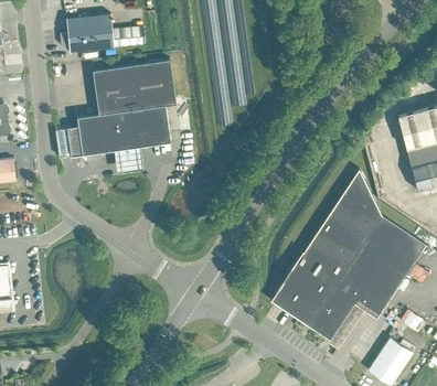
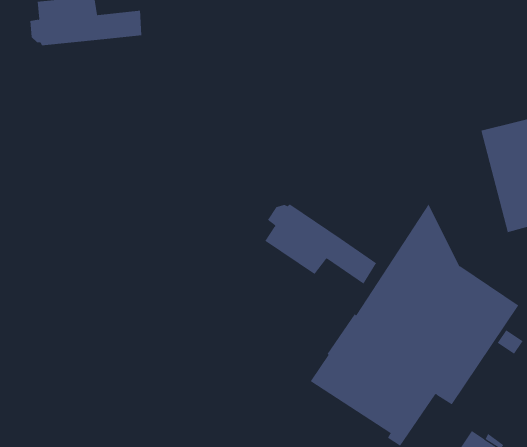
building: [66,60,175,156] -> none
building: none -> [265,204,377,284]

